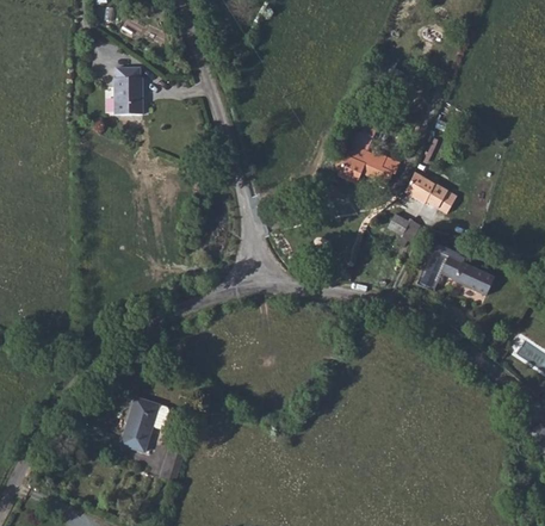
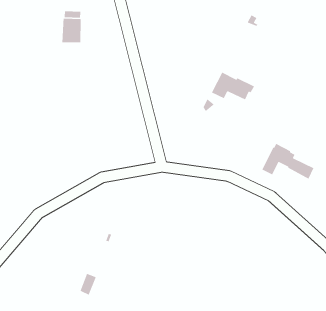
building: [405,172,457,212] -> none
building: [388,214,420,246] -> none
building: [120,397,168,452] -> none

